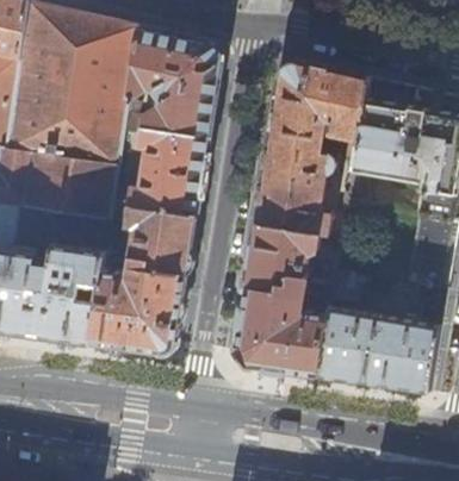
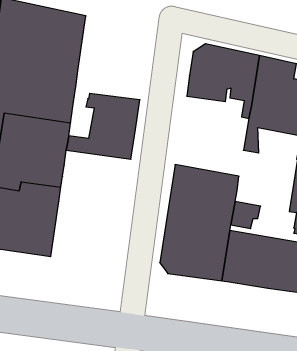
building: [122,23,222,133] -> none
building: [255,129,343,235] -> none
building: [91,200,197,351] -> none

